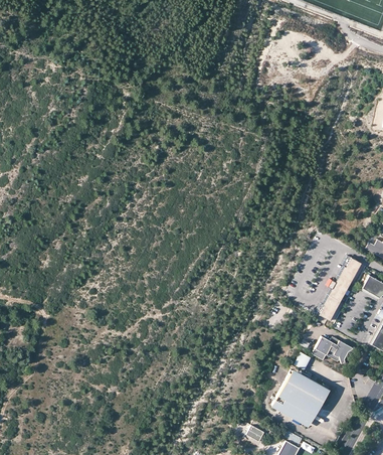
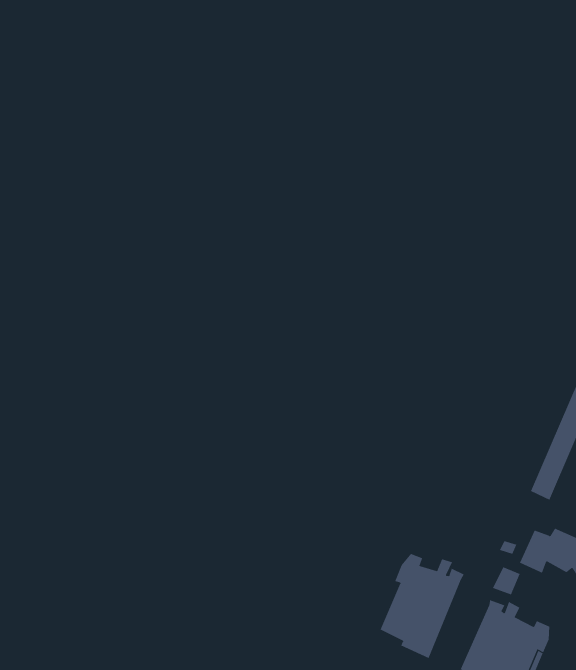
building: none -> [380,553,465,659]

